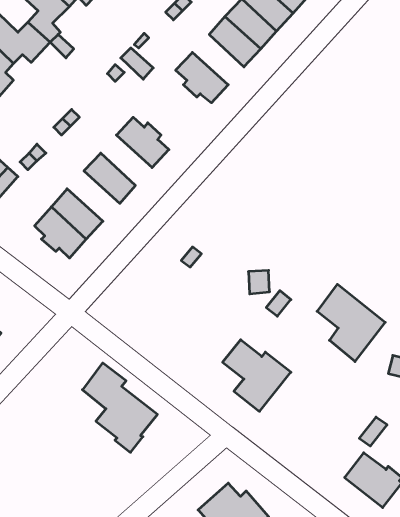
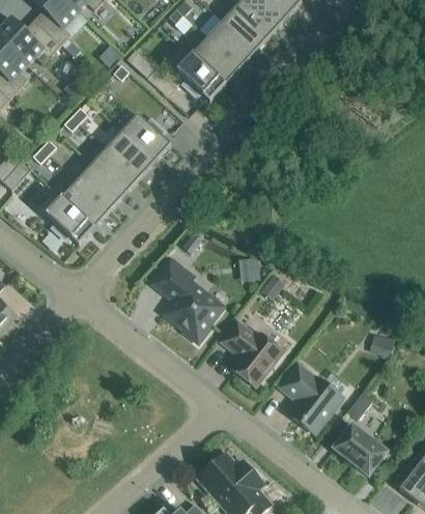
building: none -> [192,36,239,83]
building: none -> [107,130,154,176]
building: none -> [76,163,124,209]
building: [317,284,385,362] -> [278,361,341,432]
building: [82,363,157,452] -> [152,258,222,341]

